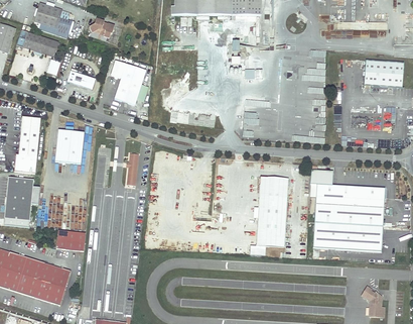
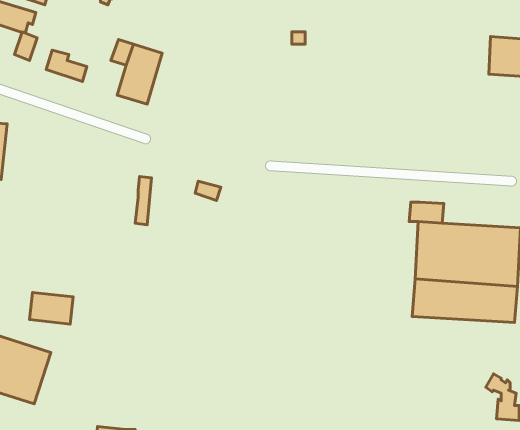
building: [54,128,84,164] -> none
building: [256,176,288,246] -> none

